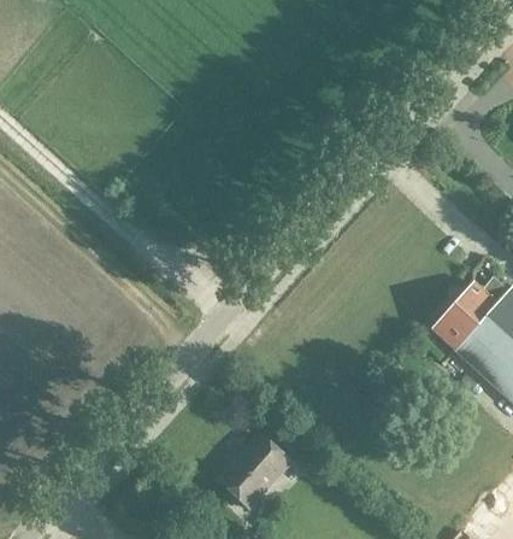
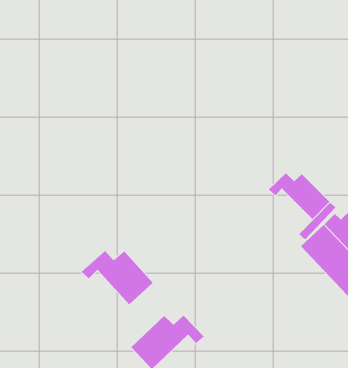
building: none -> [268,172,330,220]
building: none -> [81,250,153,305]

